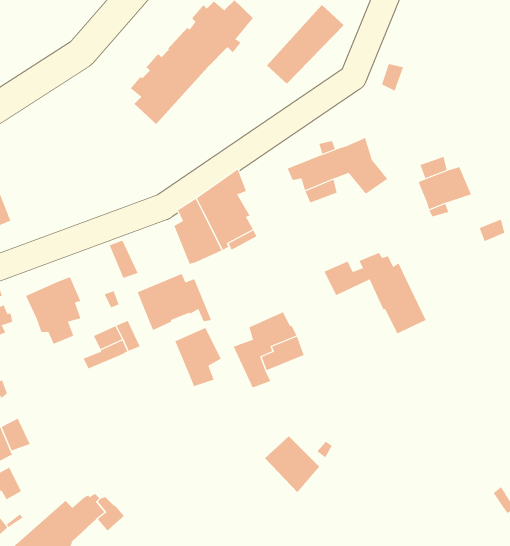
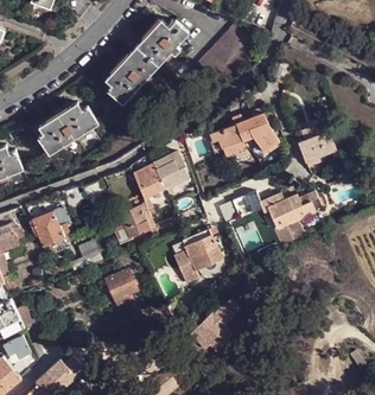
building: none -> [37,103,97,157]
building: none -> [286,193,323,222]
building: [174,327,222,387] -> [106,270,138,311]

